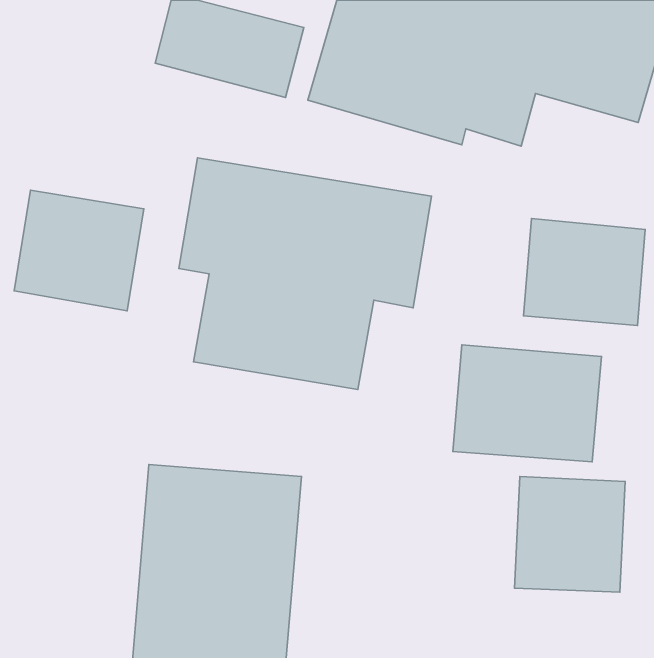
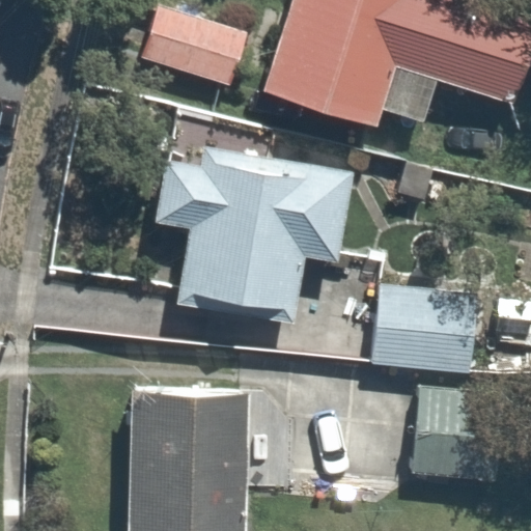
building: [14,190,144,311] -> none
building: [523,219,645,325] -> none

